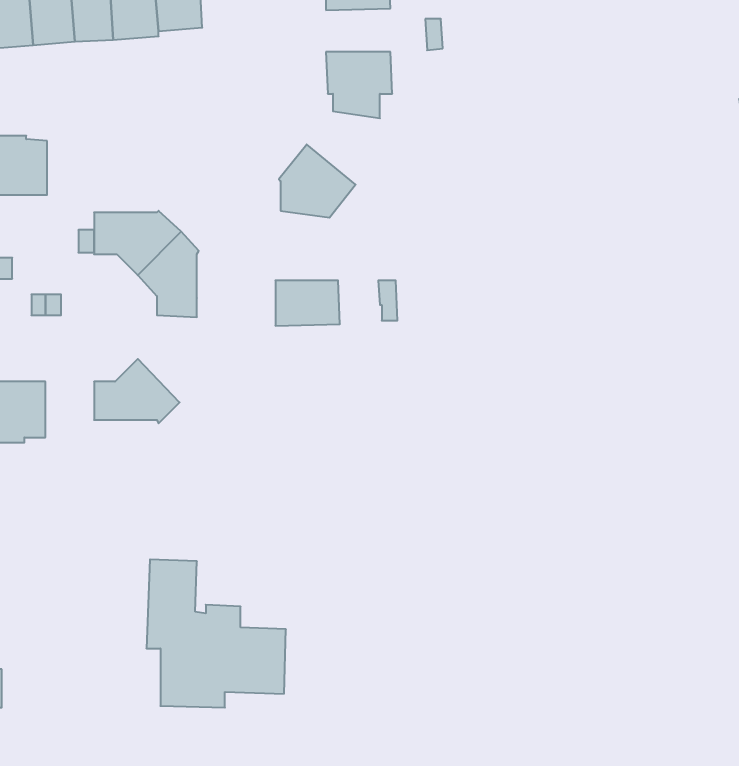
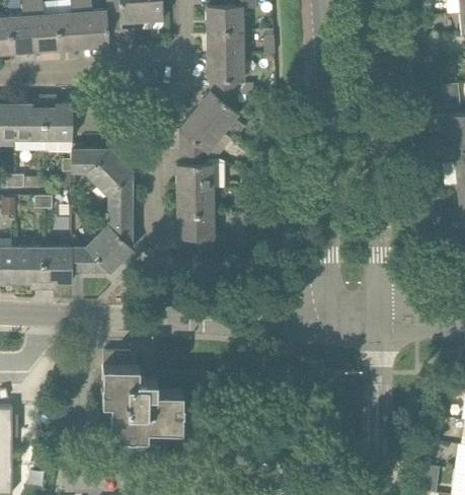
building: none -> [207,30,244,56]
building: none -> [196,90,239,133]
building: none -> [45,104,72,140]
building: none -> [176,148,214,189]
building: none -> [97,209,133,260]
building: none -> [177,214,227,252]
building: none -> [44,248,72,283]

